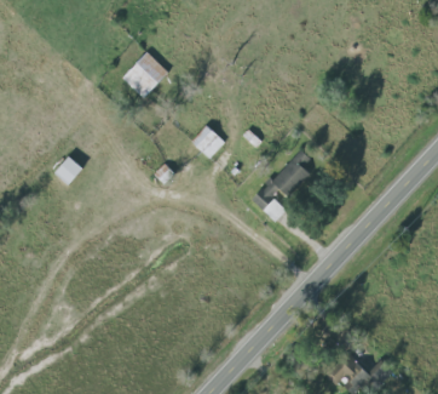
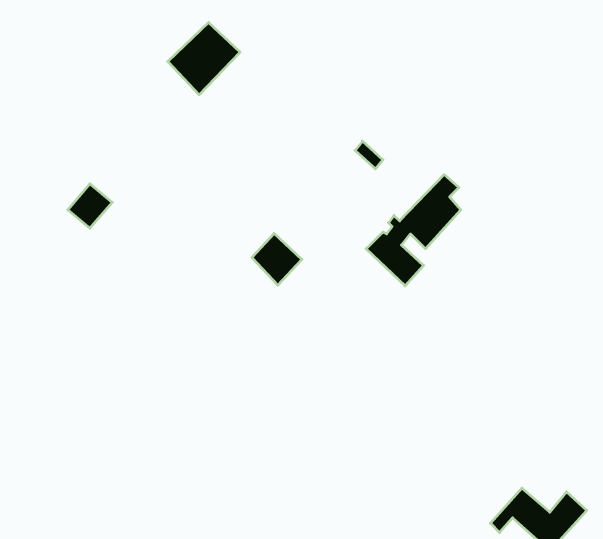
building: [192,125,225,159] -> [252,233,302,285]

